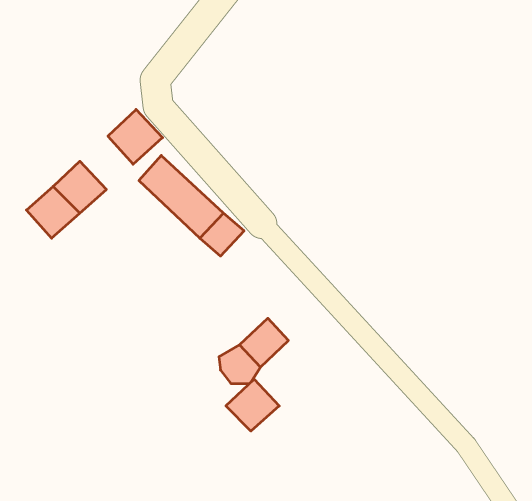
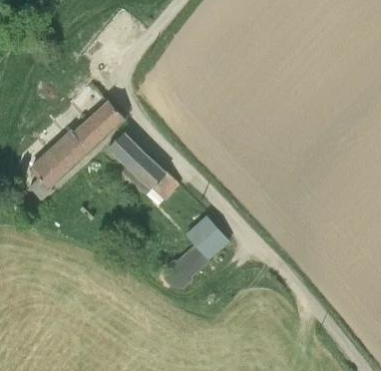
building: none -> [67,119,103,155]
building: none -> [185,215,229,258]
building: [226,379,279,431] -> none

